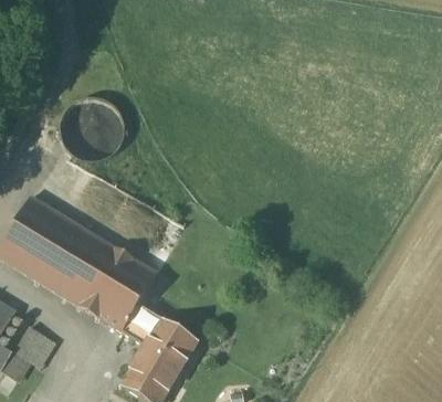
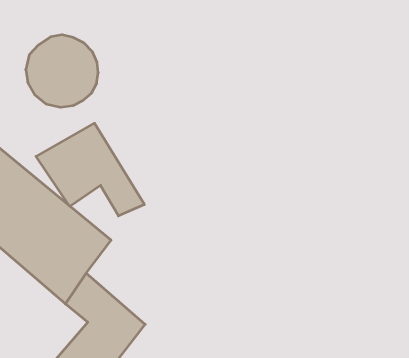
building: none -> [36,123,144,216]

